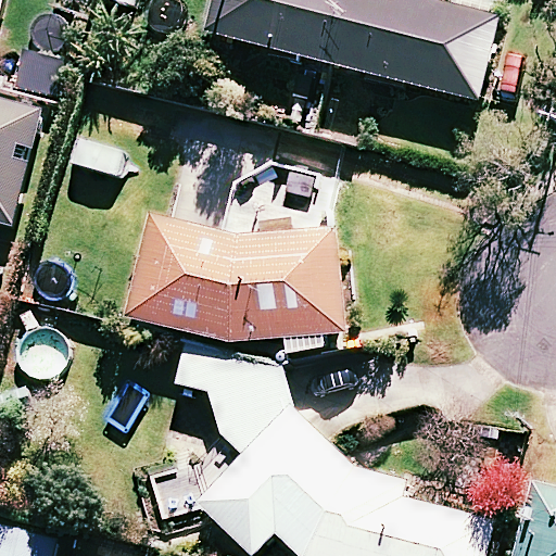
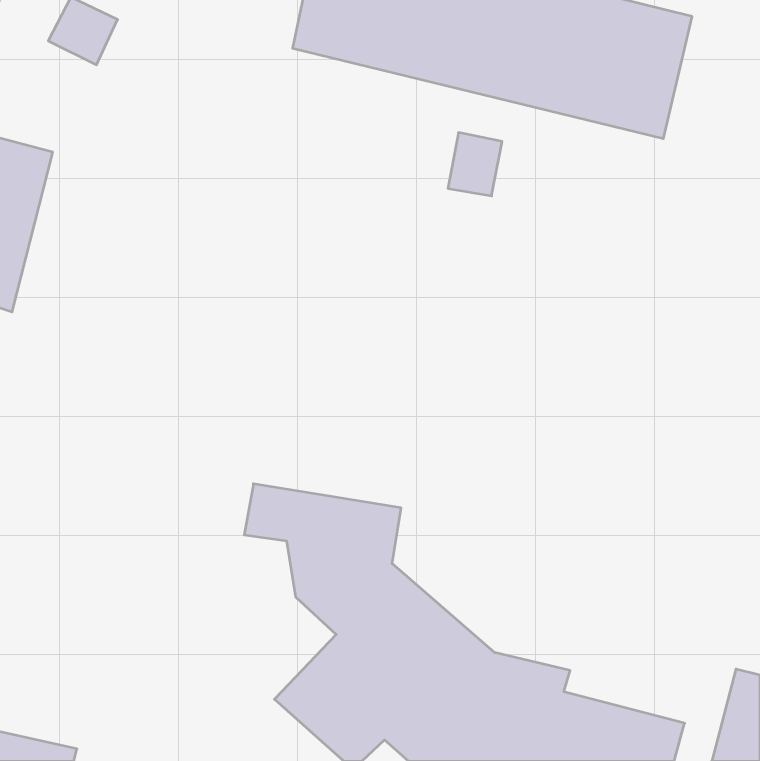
building: [140,228,343,362] -> none

